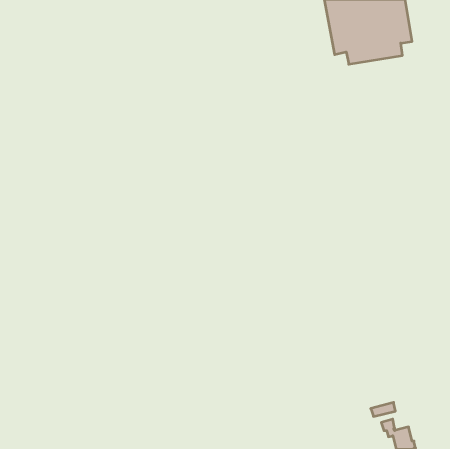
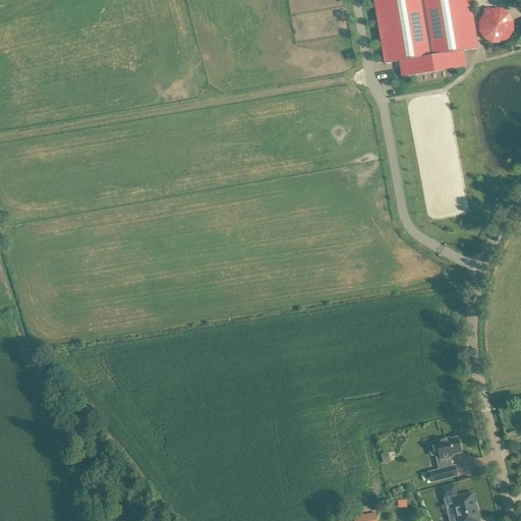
building: none -> [479,7,513,42]
building: none -> [436,437,461,459]

